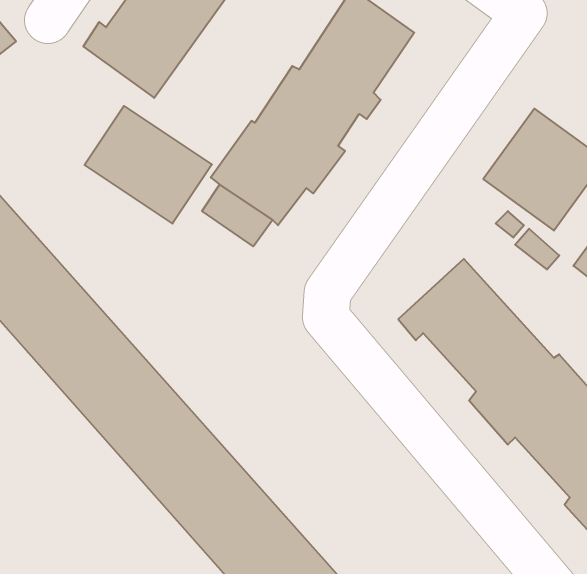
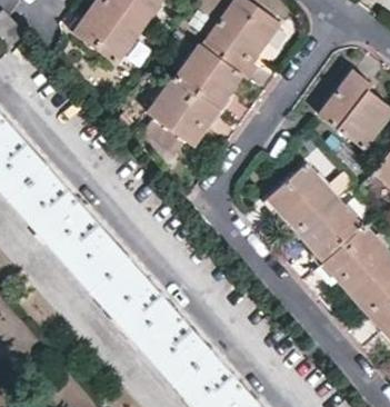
building: [85,106,212,224] -> none

